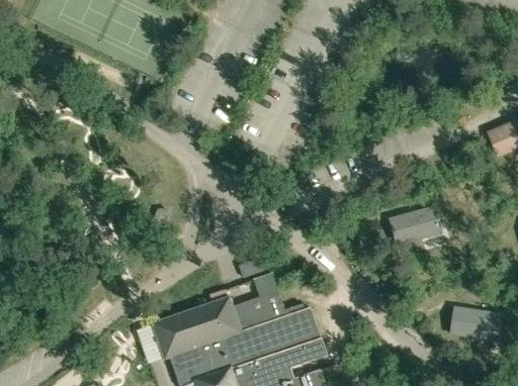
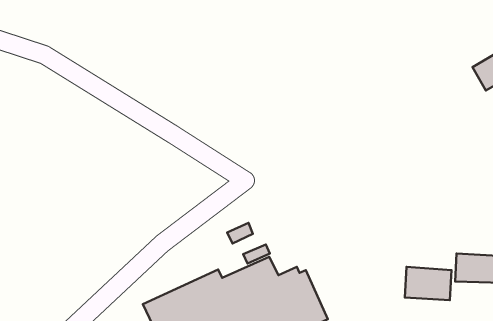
building: [388,207,439,244] -> none
building: none -> [405,267,452,300]

